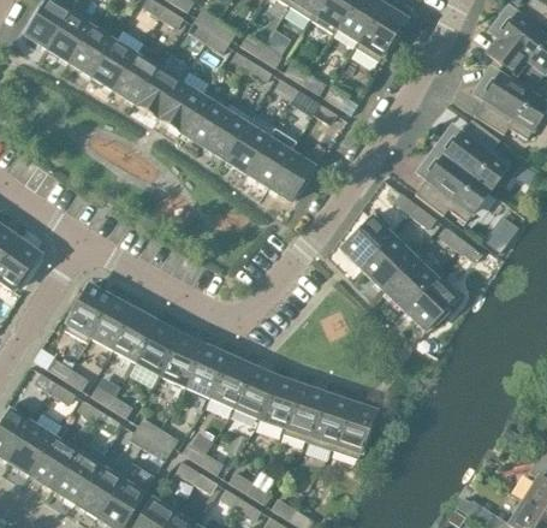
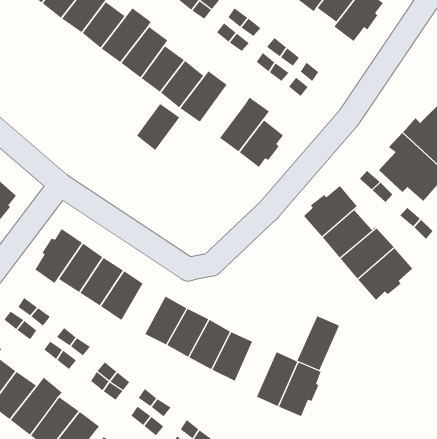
building: [225,124,269,174] -> [136,103,180,151]
building: [161,334,204,387] -> none
building: [284,385,326,443] -> [297,316,340,371]

